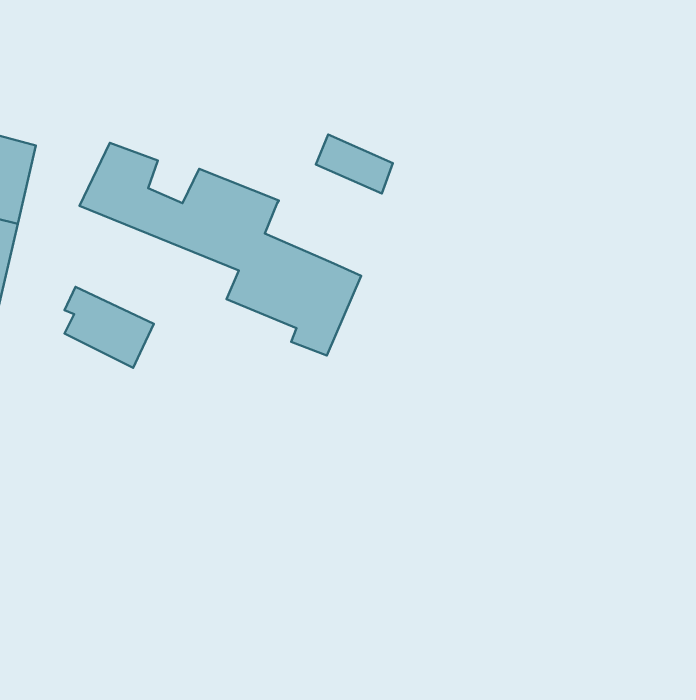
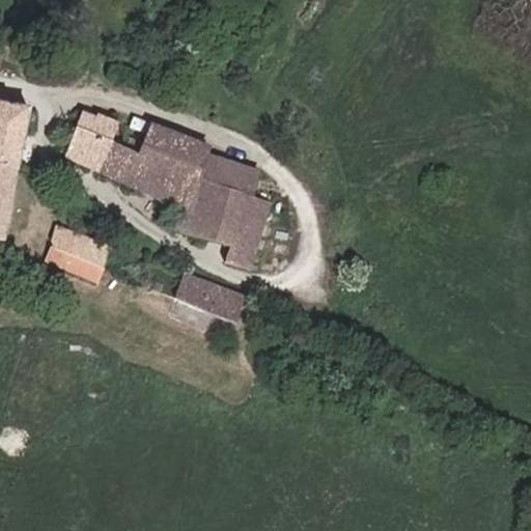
building: [316,134,393,193] -> [200,153,258,198]
building: none -> [173,270,245,318]

